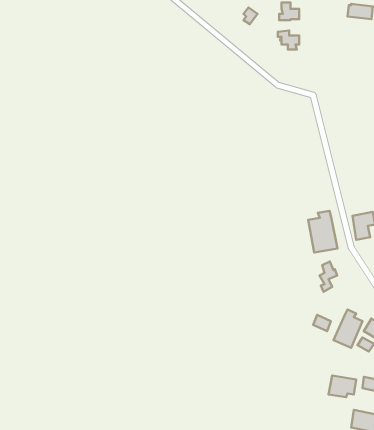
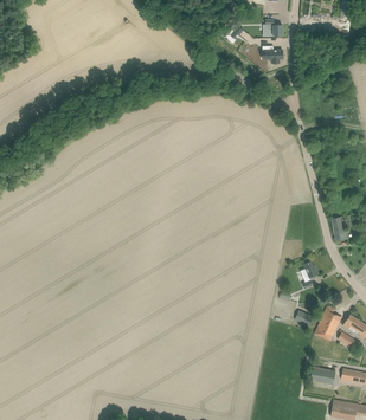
building: [308,211,337,253] -> none

